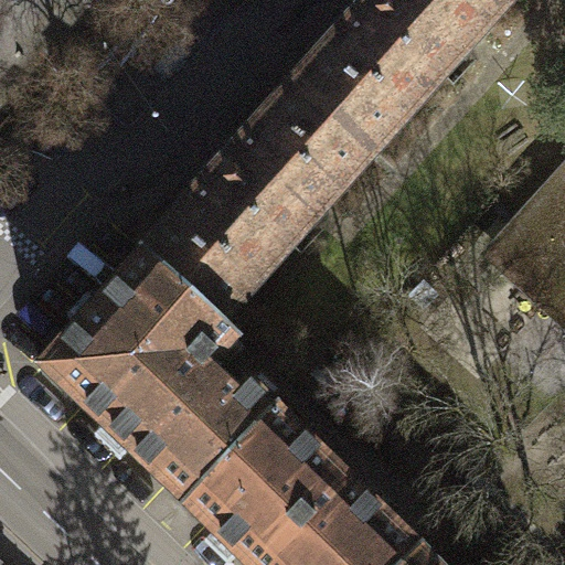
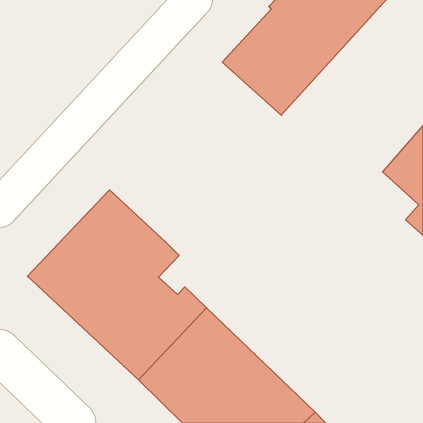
building: [146,83,374,322] -> none

